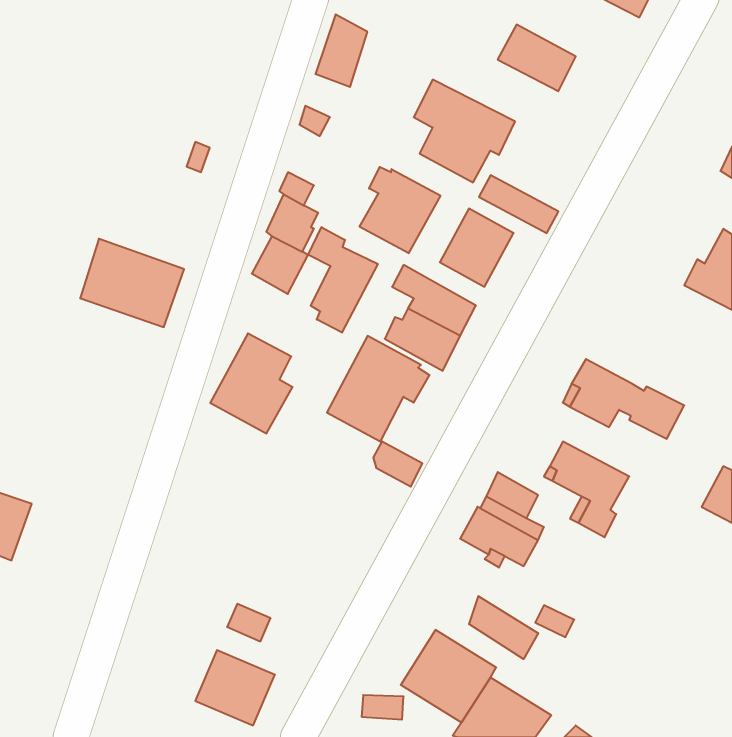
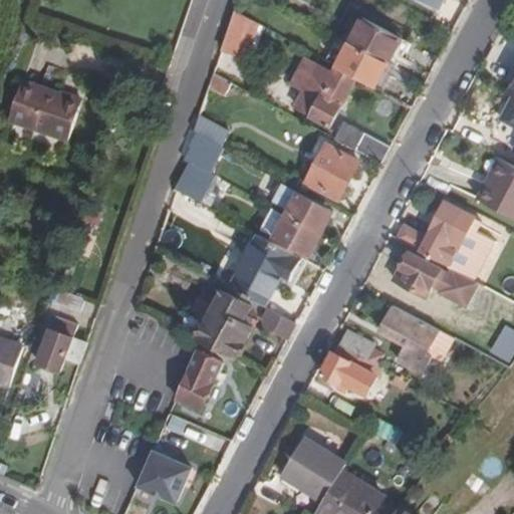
building: none -> [333,41,388,87]
building: [360,167,440,253] -> none
building: [308,227,378,333] -> none
building: [80,239,184,327] -> [11,80,83,142]
building: none -> [395,201,469,267]
building: [210,333,293,433] -> [195,289,252,358]
building: none -> [33,315,79,369]
building: none -> [174,349,222,410]
building: [469,596,538,659] -> none

